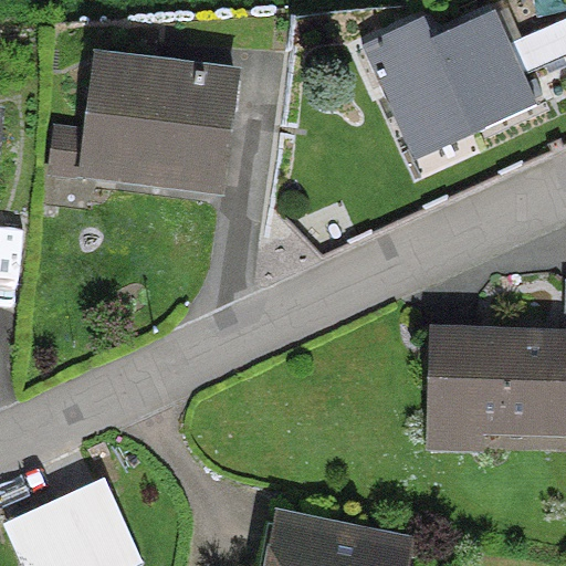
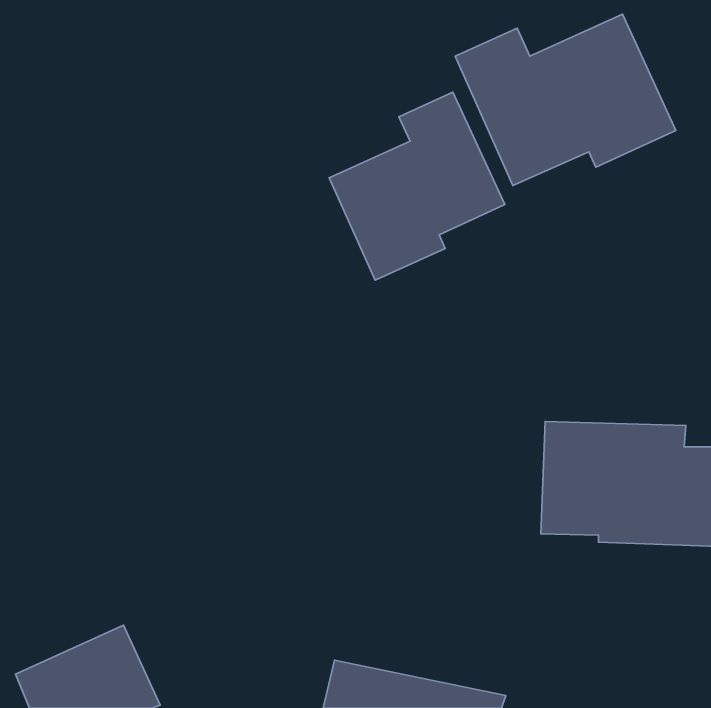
building: [51,57,237,189] -> none
building: none -> [329,92,505,280]

